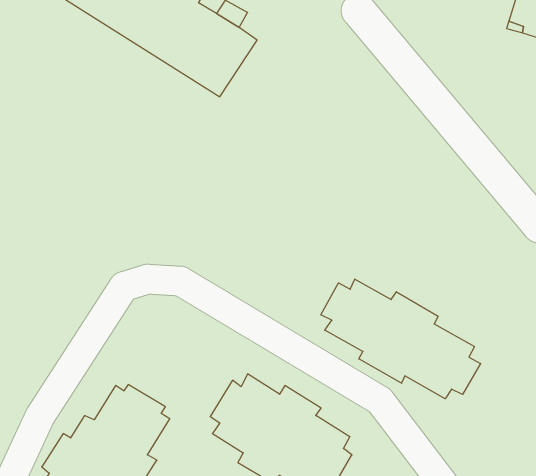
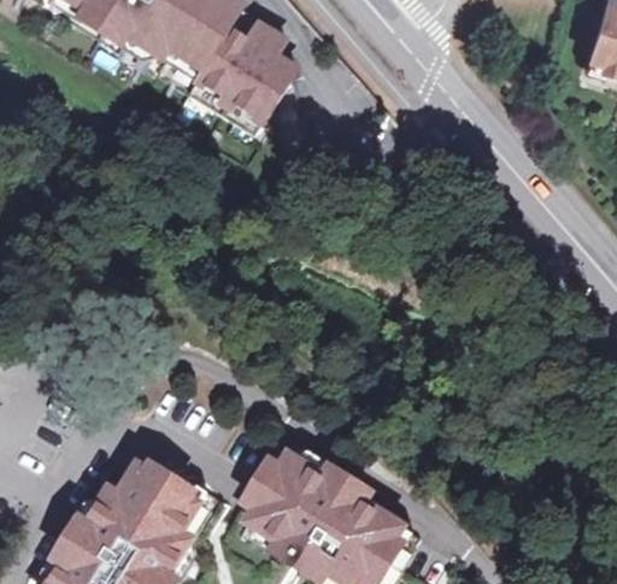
building: [321,279,481,399] -> none

